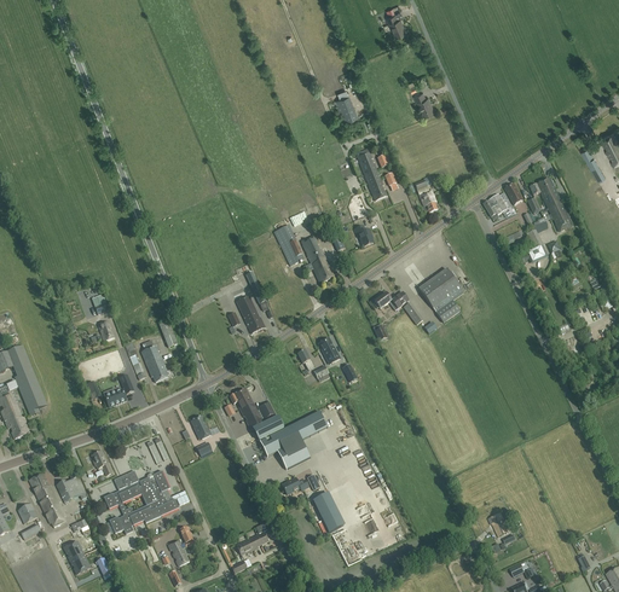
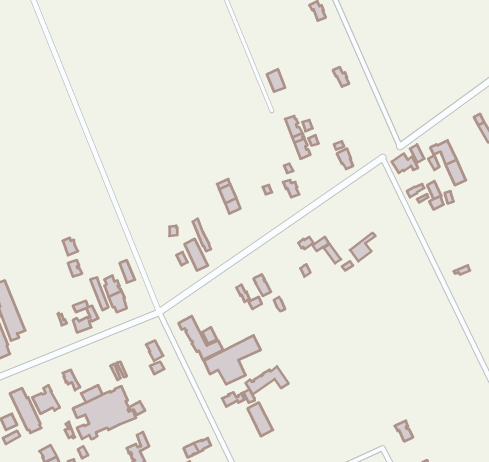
building: [301,234,335,284] -> none
building: [420,268,461,309] -> none
building: none -> [246,366,288,394]

